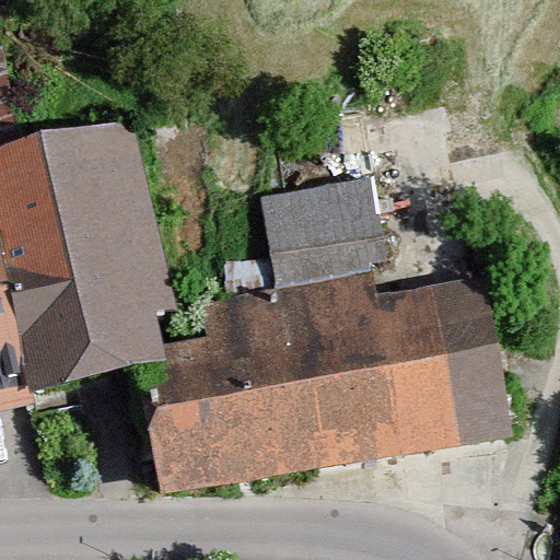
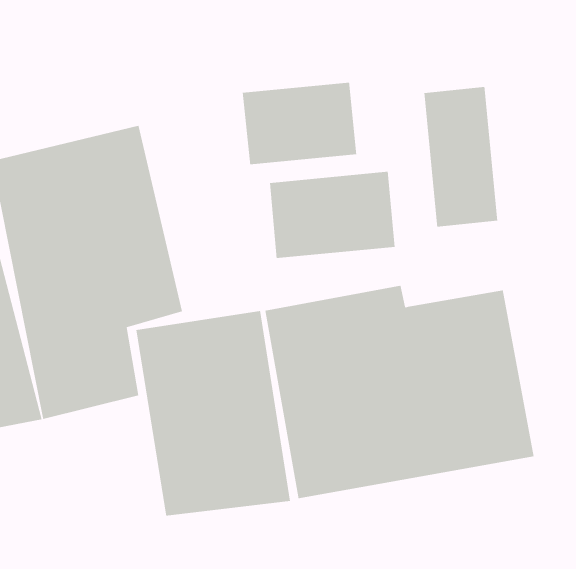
building: none -> [242,82,357,165]
building: none -> [424,86,498,228]

